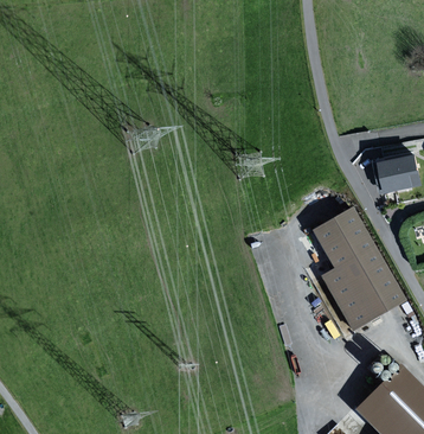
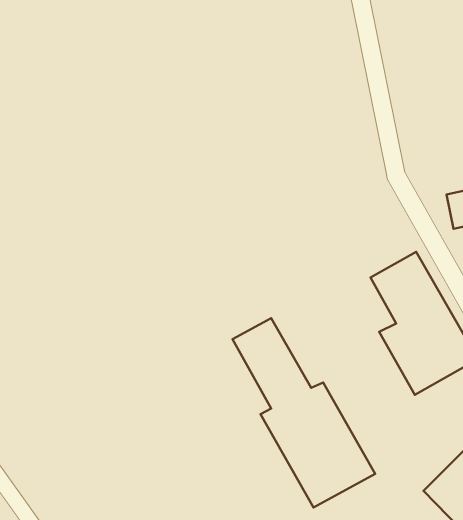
building: none -> [233,318,375,508]

